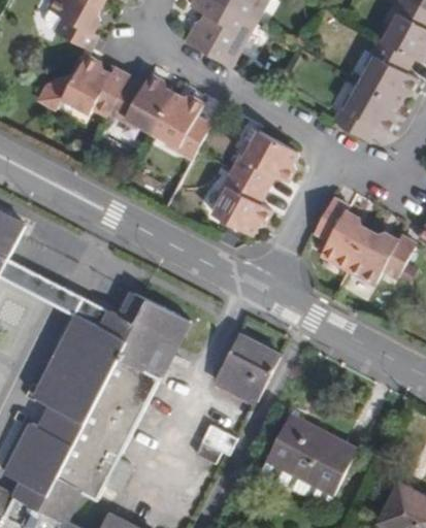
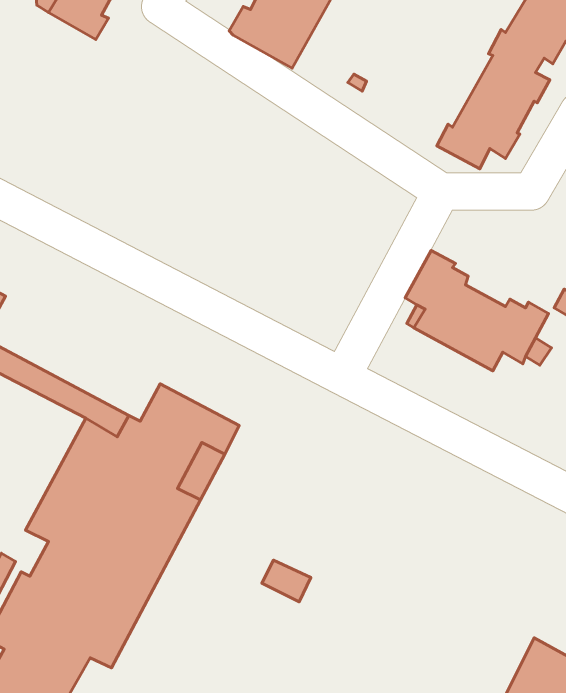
building: [34,56,206,162] -> none
building: [209,129,296,235] -> none
building: [214,333,281,403] -> none
building: [266,410,359,495] -> none

